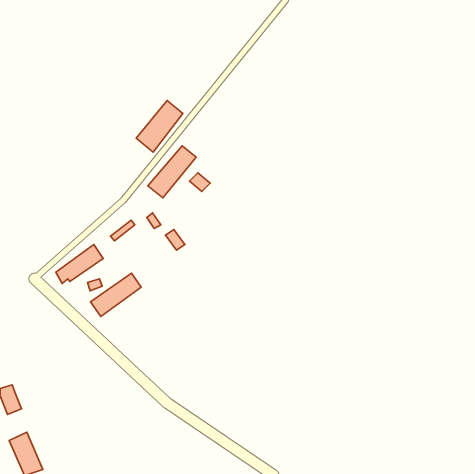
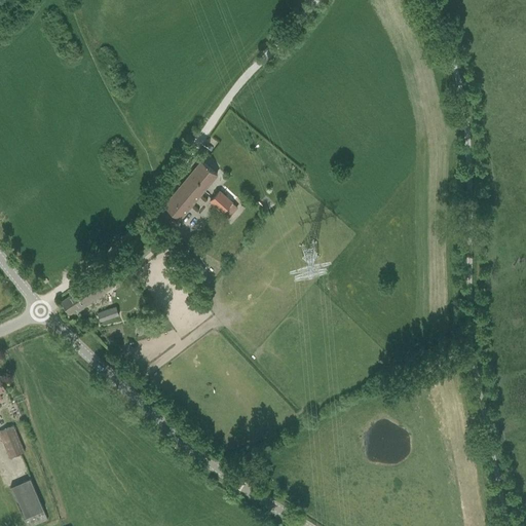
building: [136,100,183,152] -> none
building: [91,273,141,317] -> none

